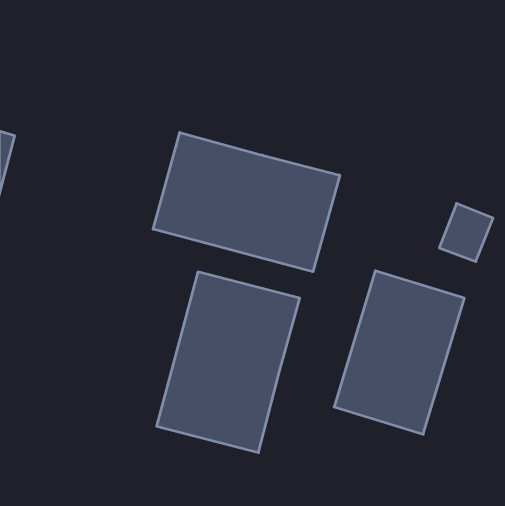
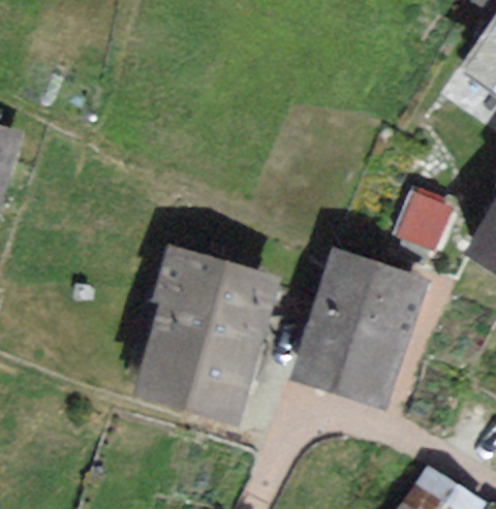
building: [153,132,340,272] -> none

